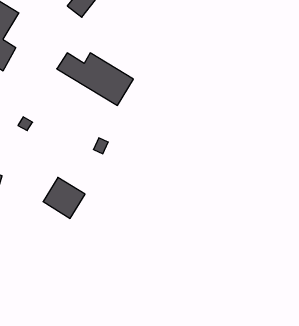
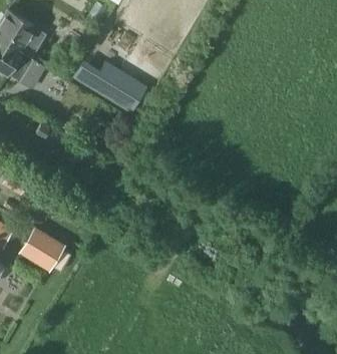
building: [43,177,85,218] -> [23,230,63,269]

